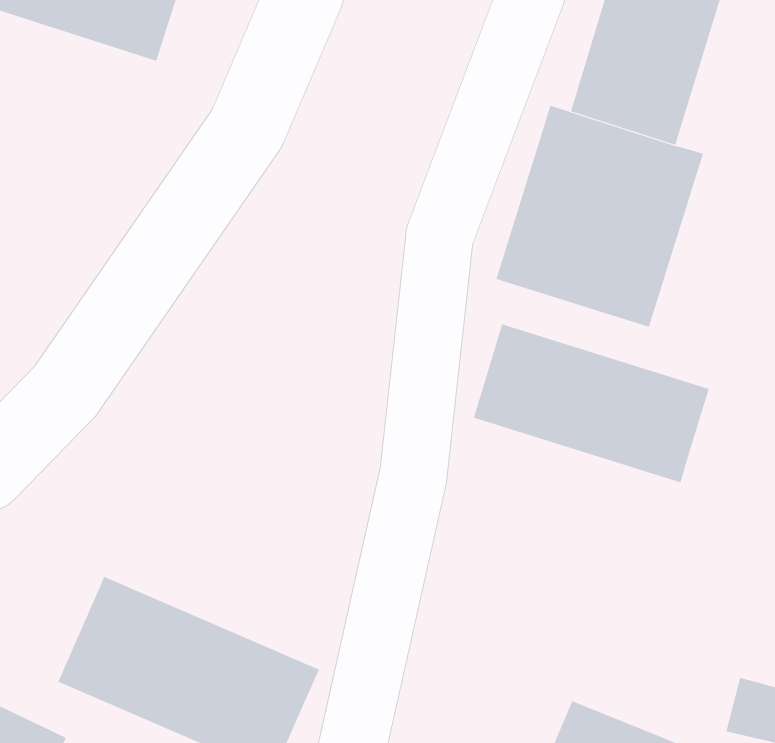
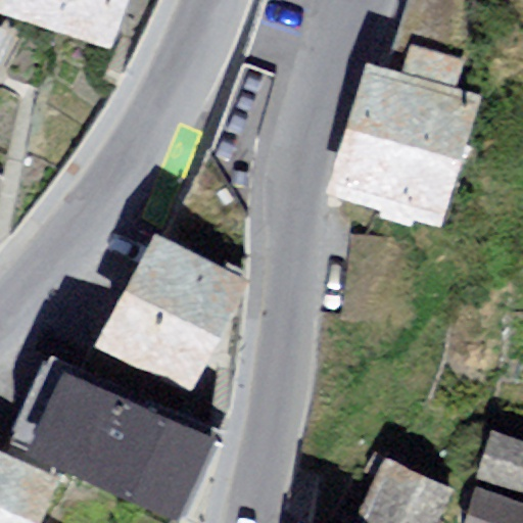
building: [473,324,710,483] -> none
building: none -> [105,249,241,393]

